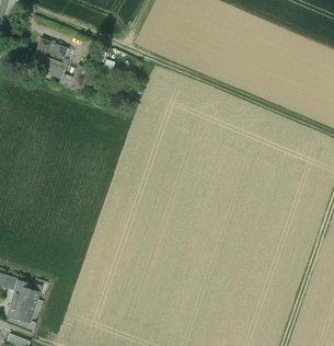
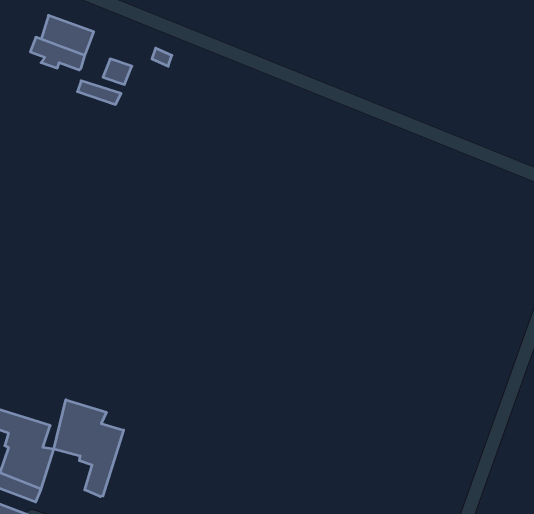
building: none -> [54,400,124,497]

